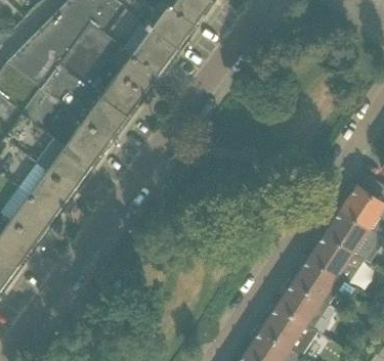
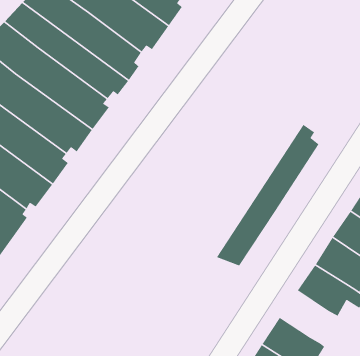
building: none -> [216,124,319,266]
building: [276,281,329,328] -> none

